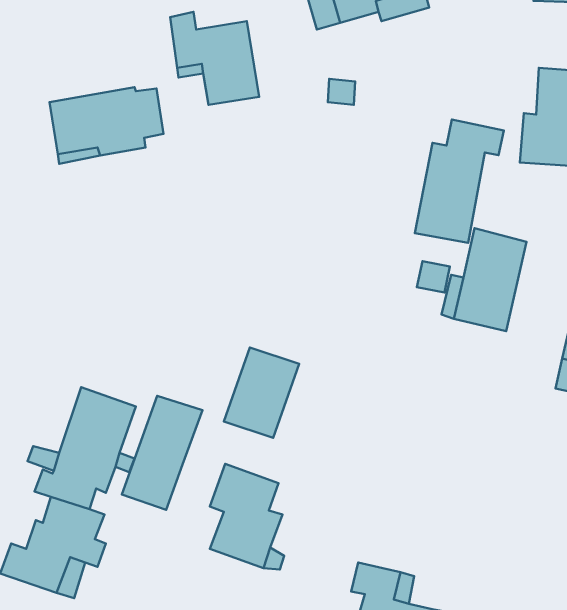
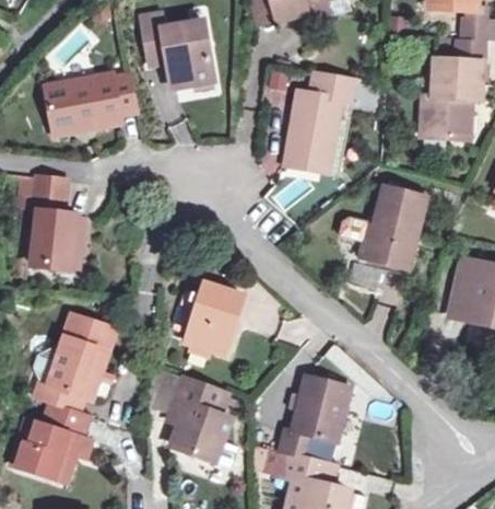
building: [415,119,504,243] -> [284,72,355,171]
building: none -> [32,175,78,267]
building: [122,396,202,510] -> none
building: none -> [279,375,351,458]

